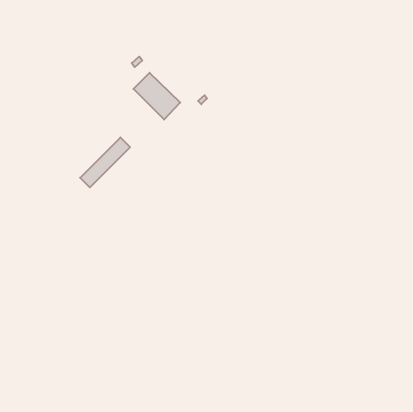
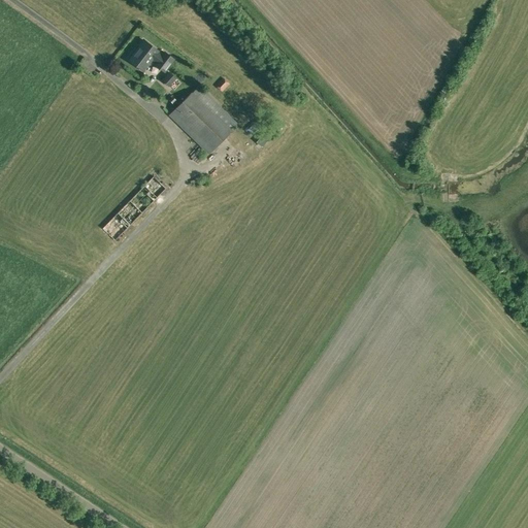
building: none -> [129,39,173,70]

